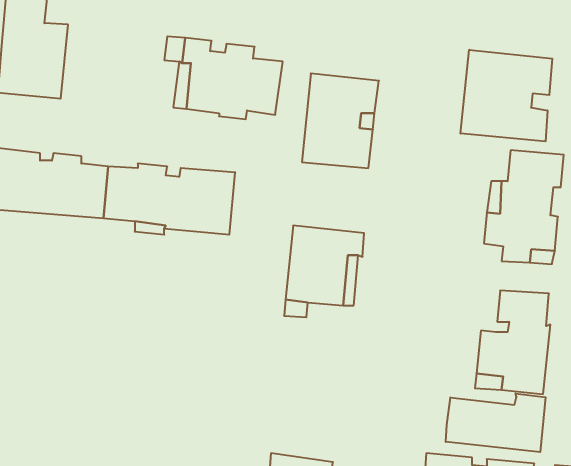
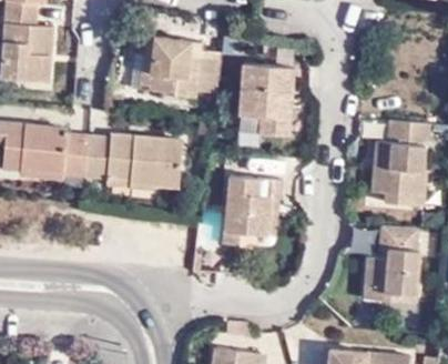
building: [461,50,552,141] -> none
building: [446,393,546,452] -> none

